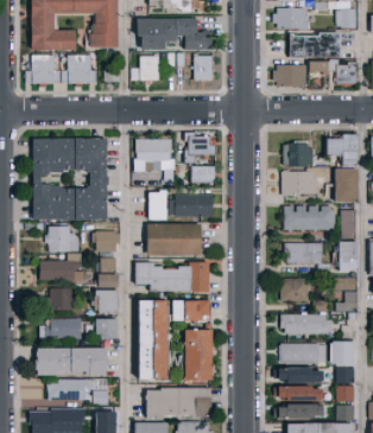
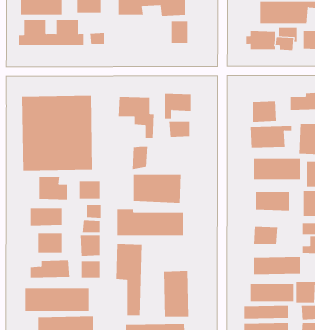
building: [133,56,159,79] -> none
building: [178,192,215,215] -> none
building: [177,300,215,319] -> none

